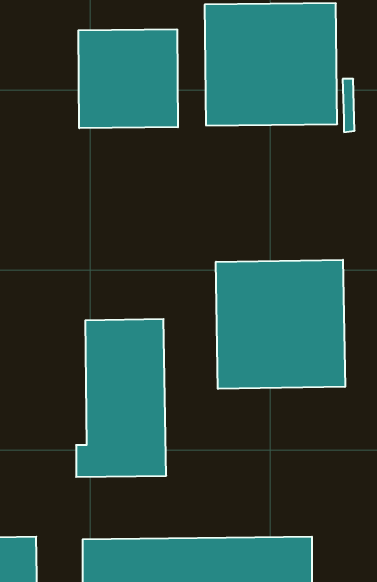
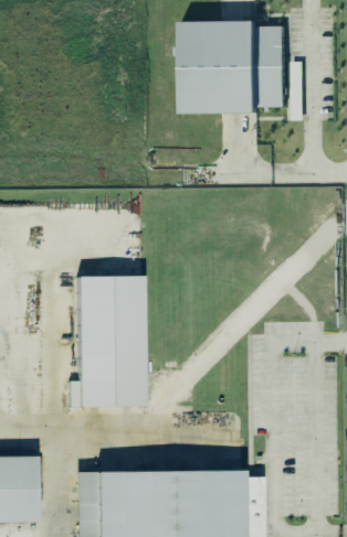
building: [78,29,178,128] -> none
building: [216,260,345,389] -> none

